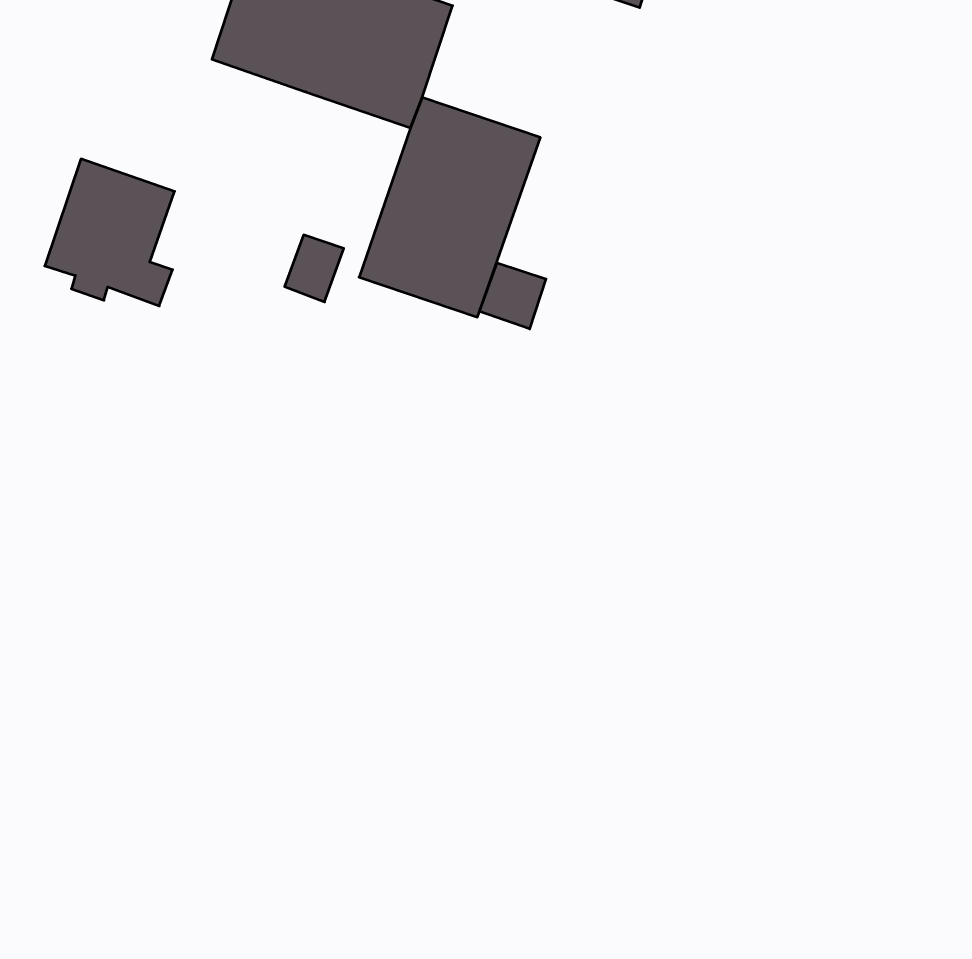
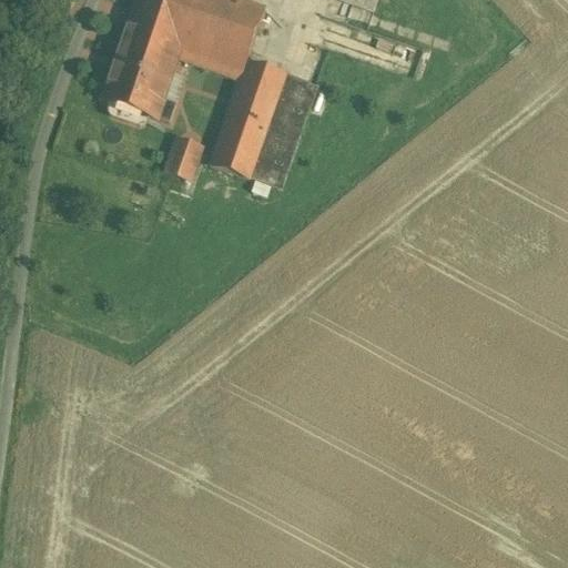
building: [45,159,175,306] -> [104,34,180,120]
building: [479,263,546,329] -> none

